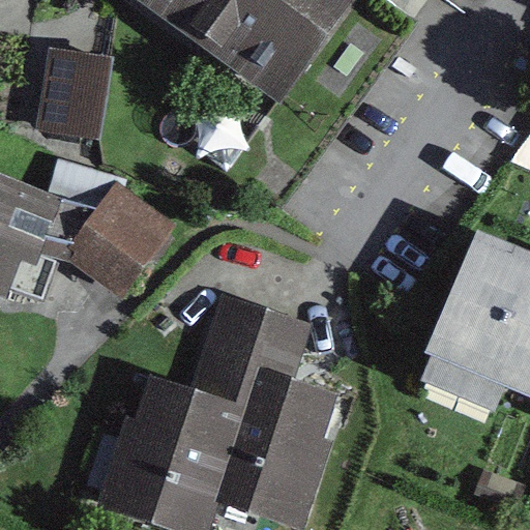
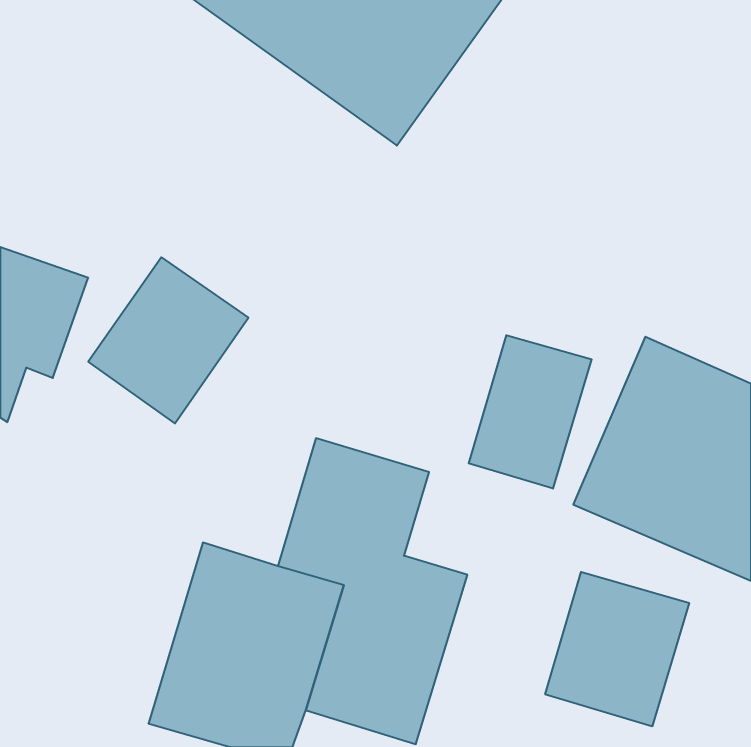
building: [38,47,111,139] -> none
building: none -> [469,335,592,489]
building: none -> [545,572,689,726]

